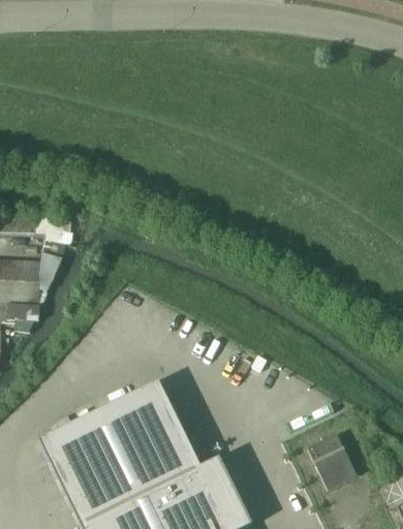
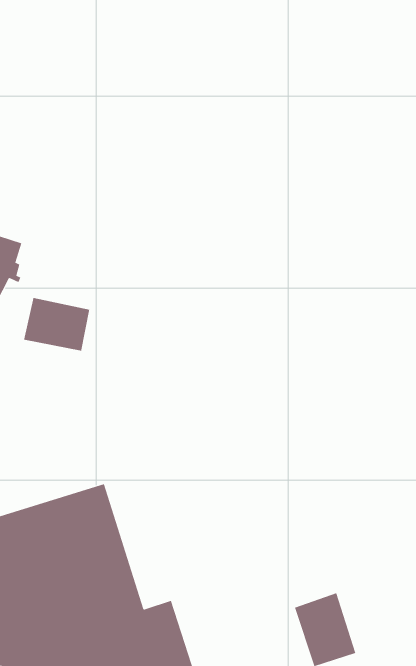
building: none -> [23,297,90,352]

